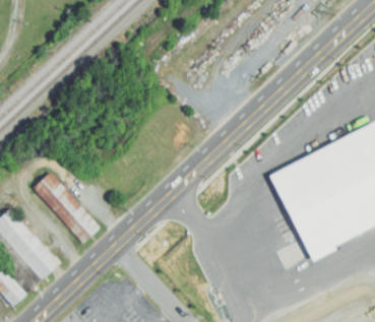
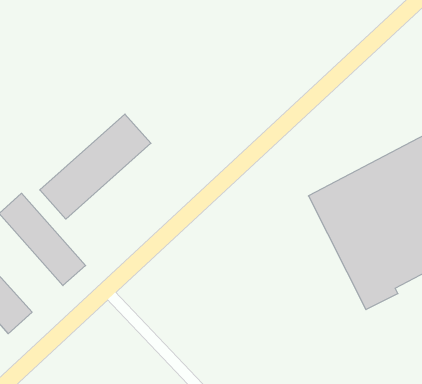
building: none -> [40,114,151,219]

